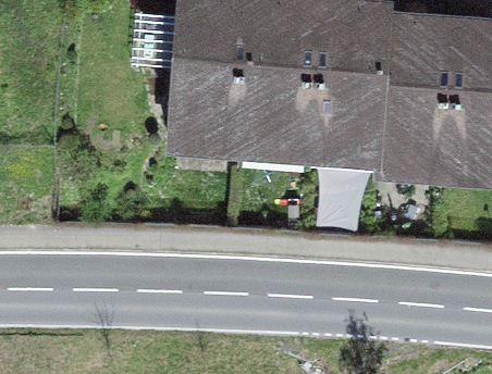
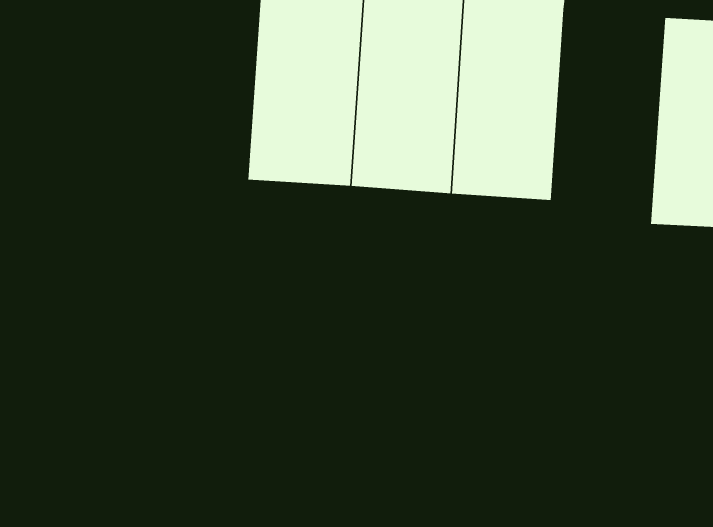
building: [377,18,455,165] -> none

